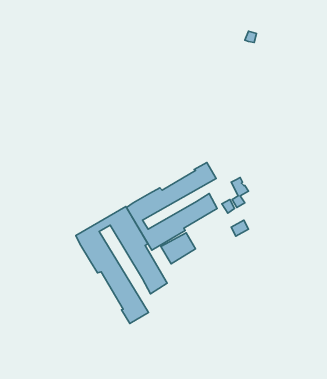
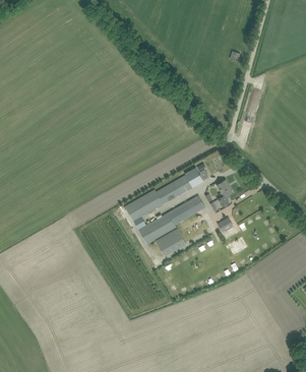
building: [76,206,167,324] -> none

